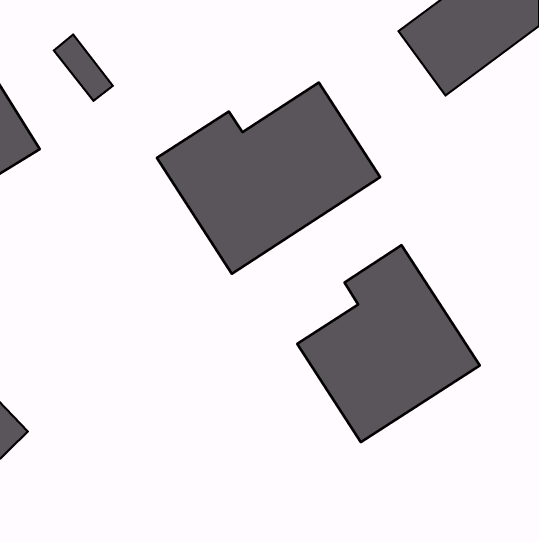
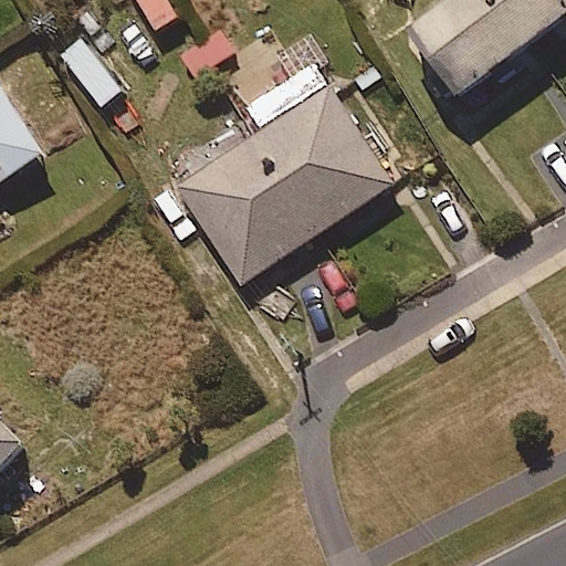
building: [297,245,480,442] -> none

